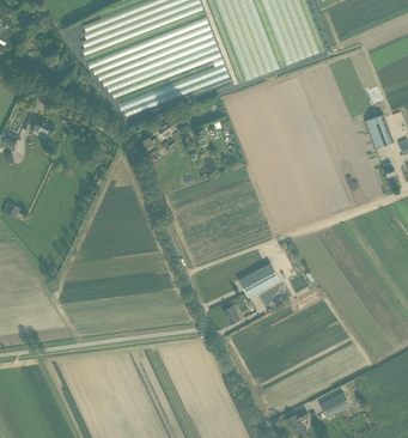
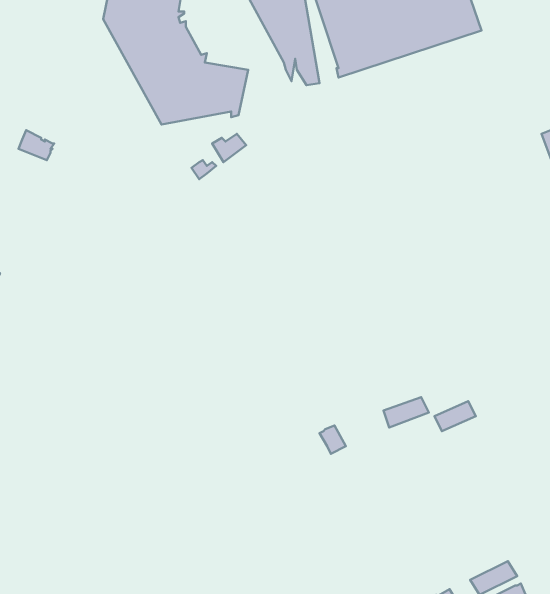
building: [238,257,279,292] -> none

